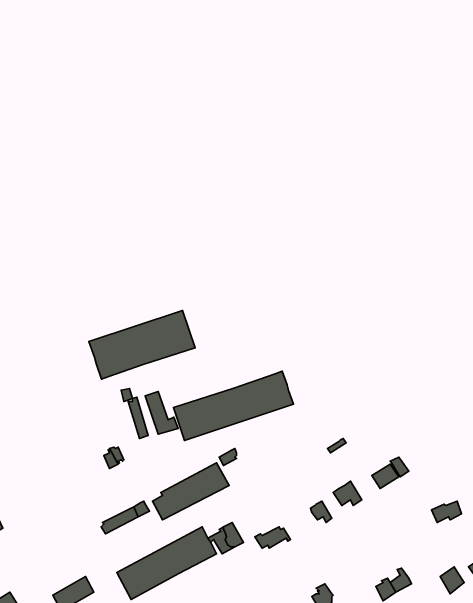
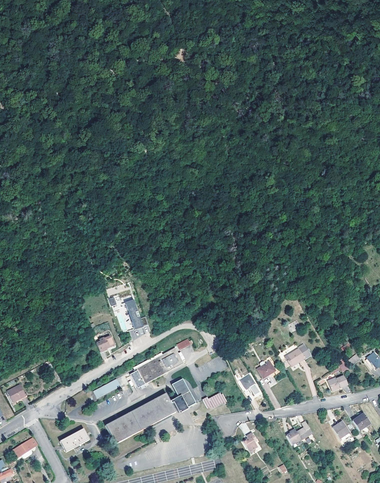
building: [89,310,195,379] -> none
building: [173,371,293,441] -> none

